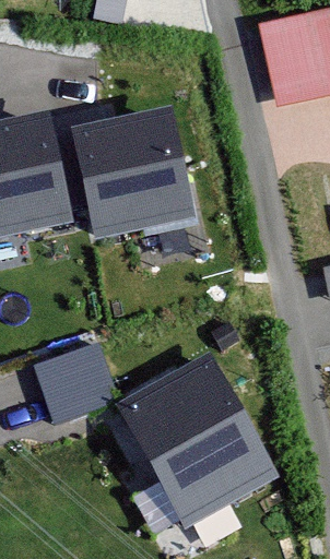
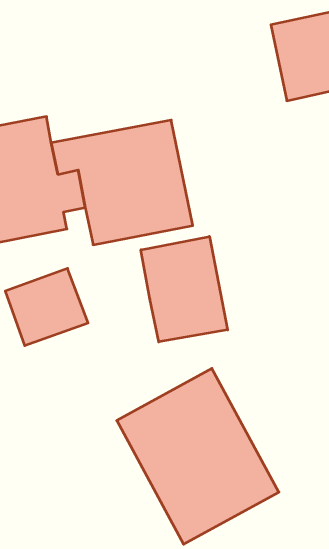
building: none -> [141,236,228,342]
building: [36,344,116,418] -> [5,268,88,346]

